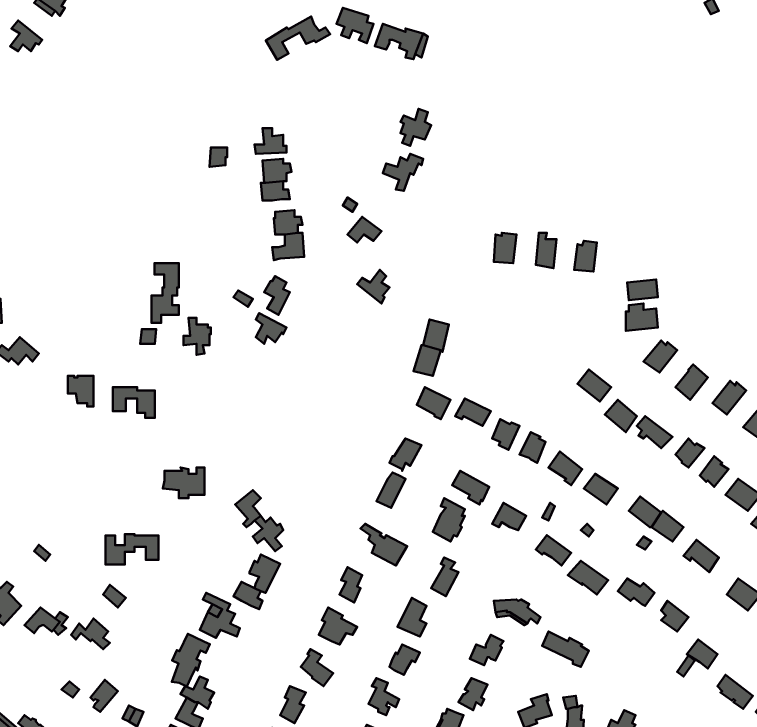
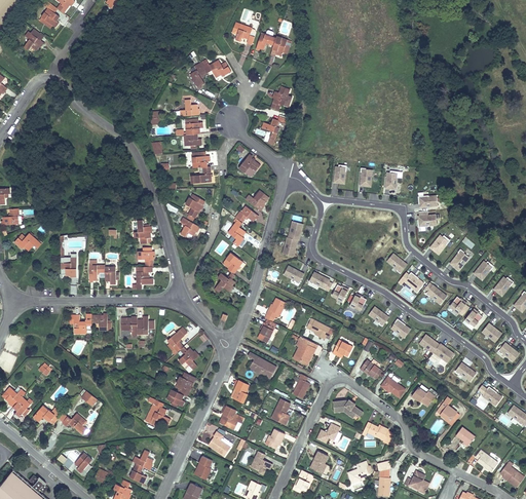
building: [266,16,330,60] -> [189,60,230,87]
building: [151,263,179,323] -> [136,252,153,290]
building: none -> [227,205,257,246]
building: none -> [214,253,242,293]
building: [105,534,159,565] -> [73,314,107,334]
building: [172,634,210,687] -> none

